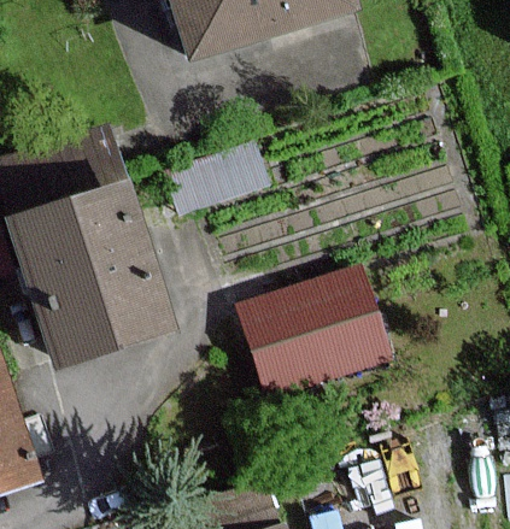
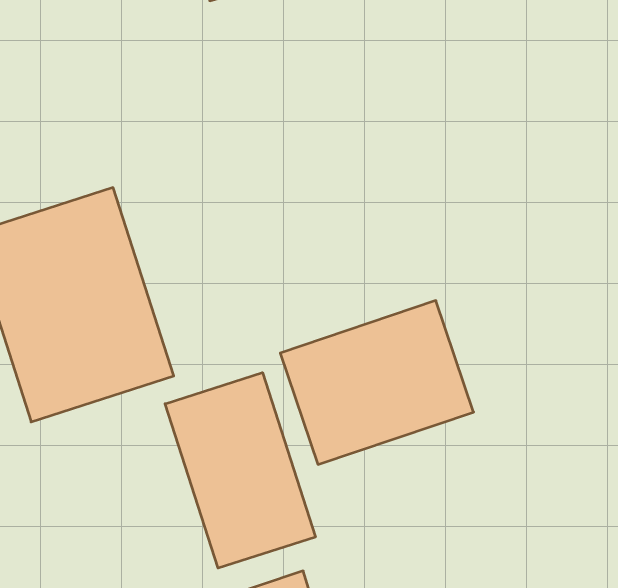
building: none -> [165,373,315,568]

